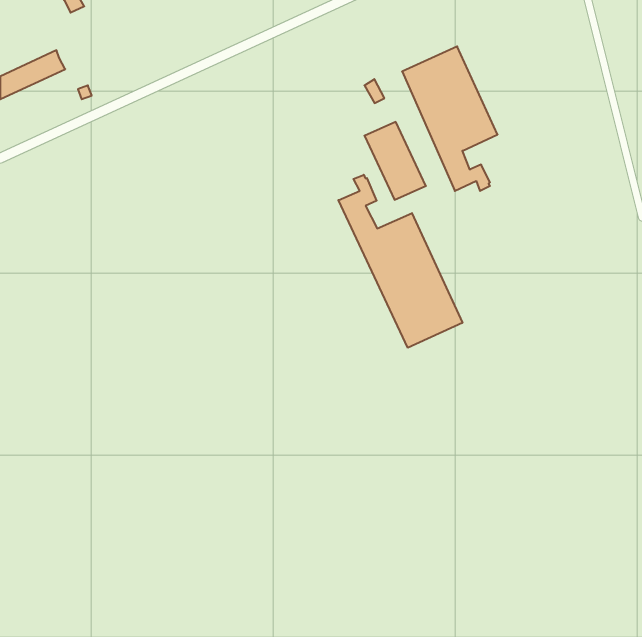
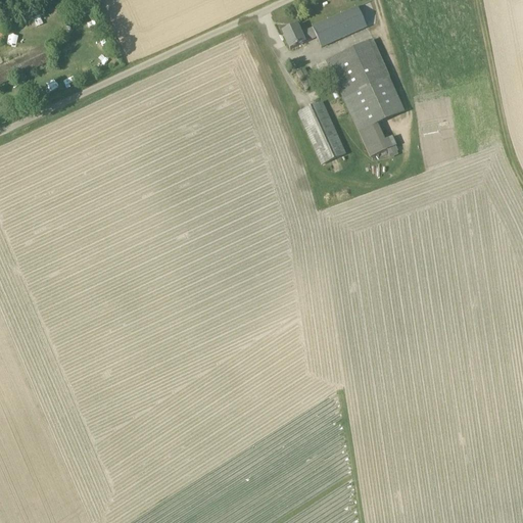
building: none -> [283,5,366,46]
building: [338,175,462,348] -> none

